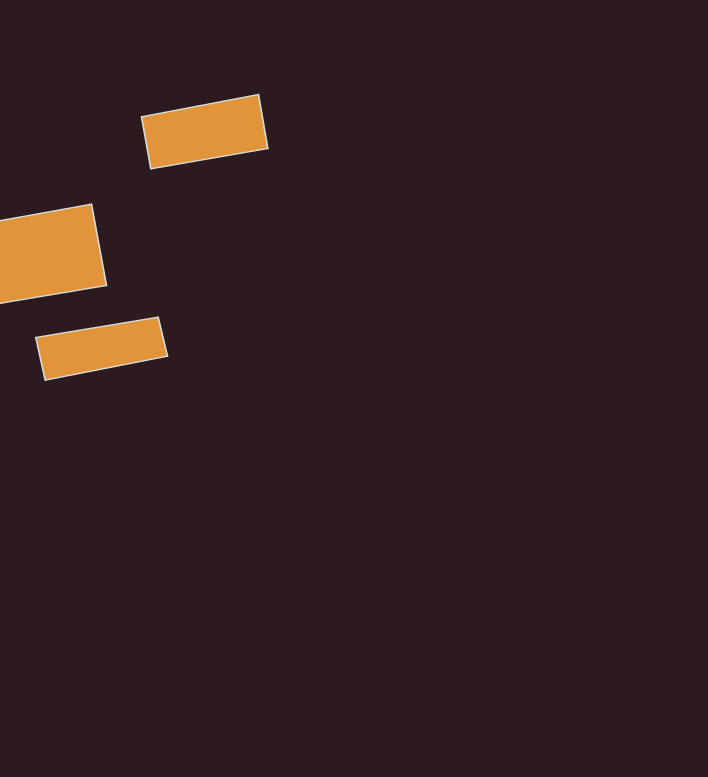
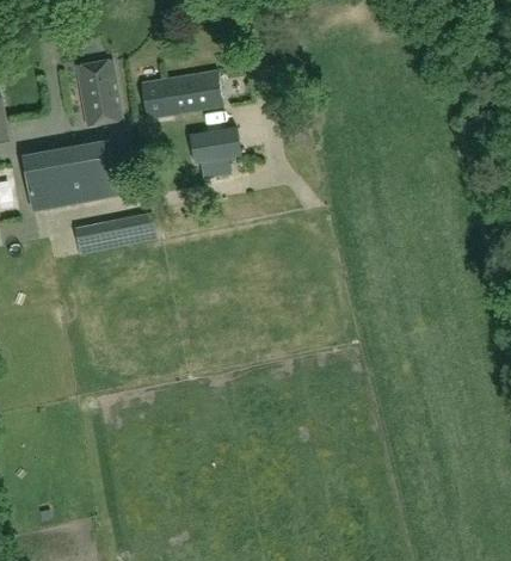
building: none -> [75,62,119,123]
building: none -> [192,124,241,161]

